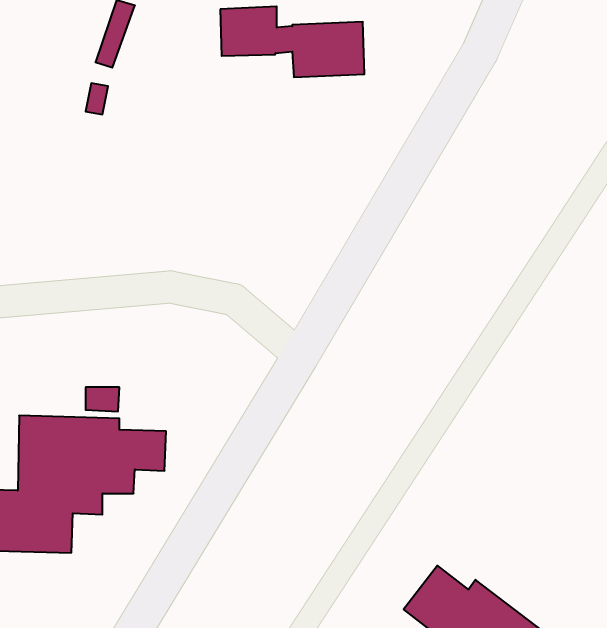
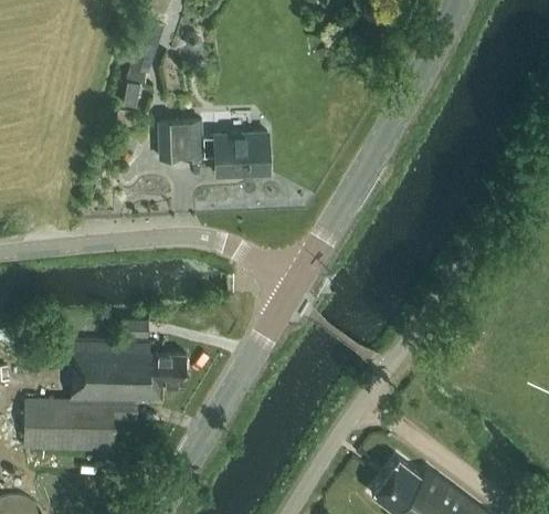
building: [220,6,364,77] -> [158,122,271,177]

